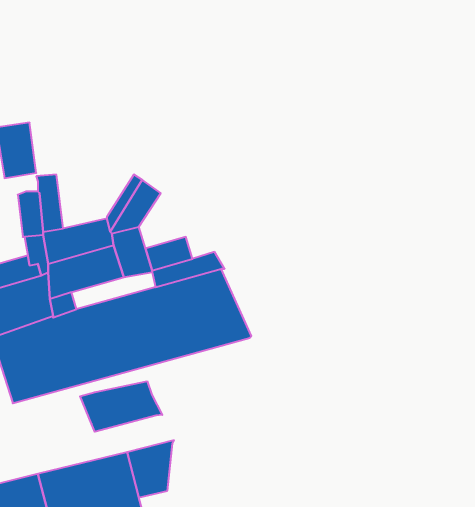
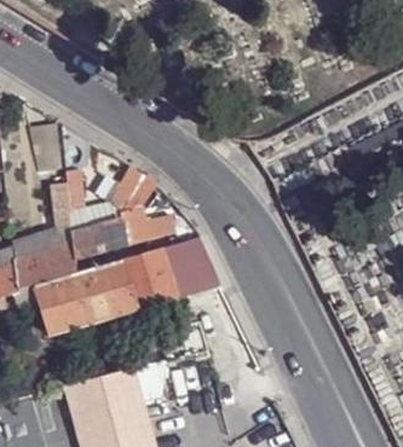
building: [80,381,162,432] -> none

